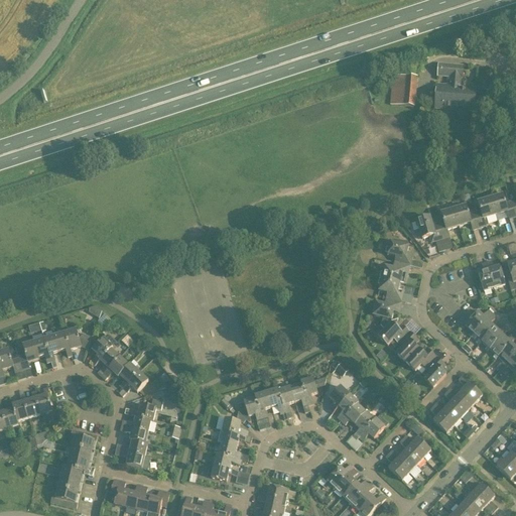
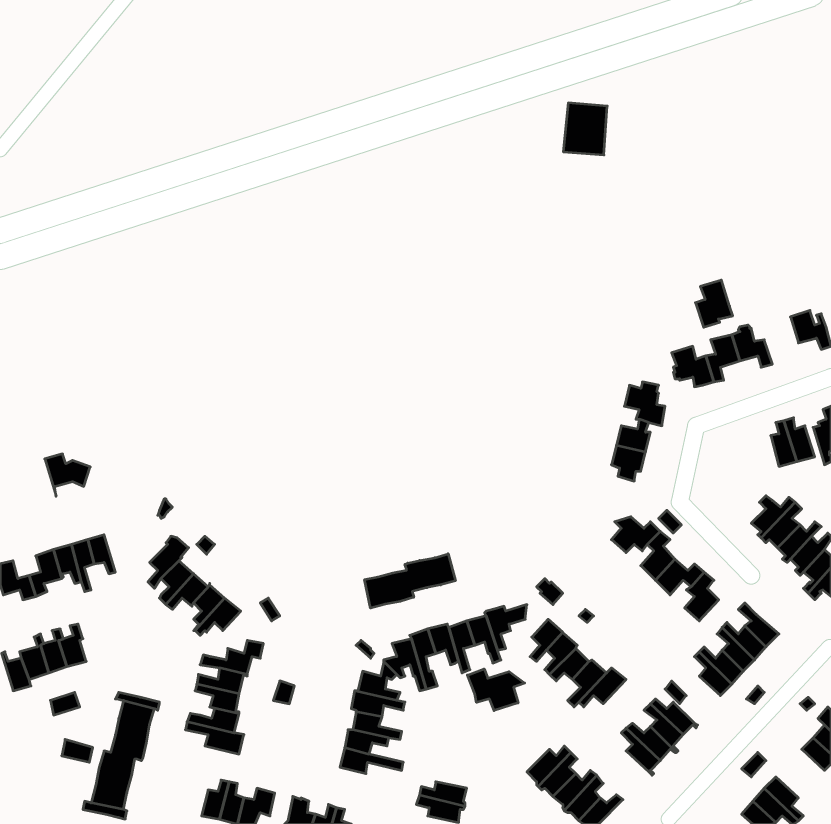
building: [435,61,476,109] -> none
building: [390,72,417,104] -> [563,103,607,155]
building: [474,197,497,226] -> [695,280,733,327]
building: [373,295,396,324] -> none
building: [64,329,93,355] -> [45,454,90,496]
building: none -> [365,554,455,608]
building: none -> [467,669,525,711]
building: [106,478,129,506] -> none

